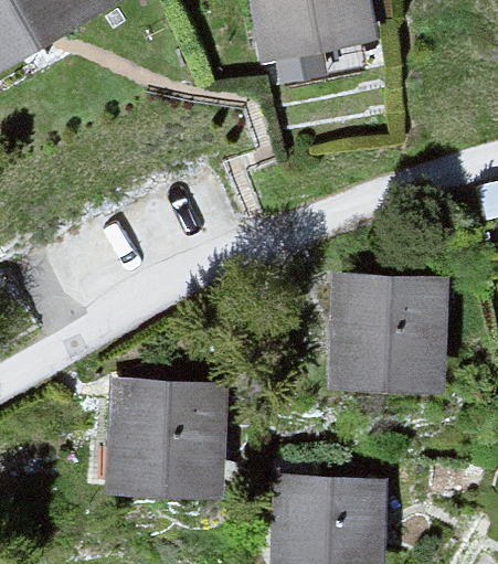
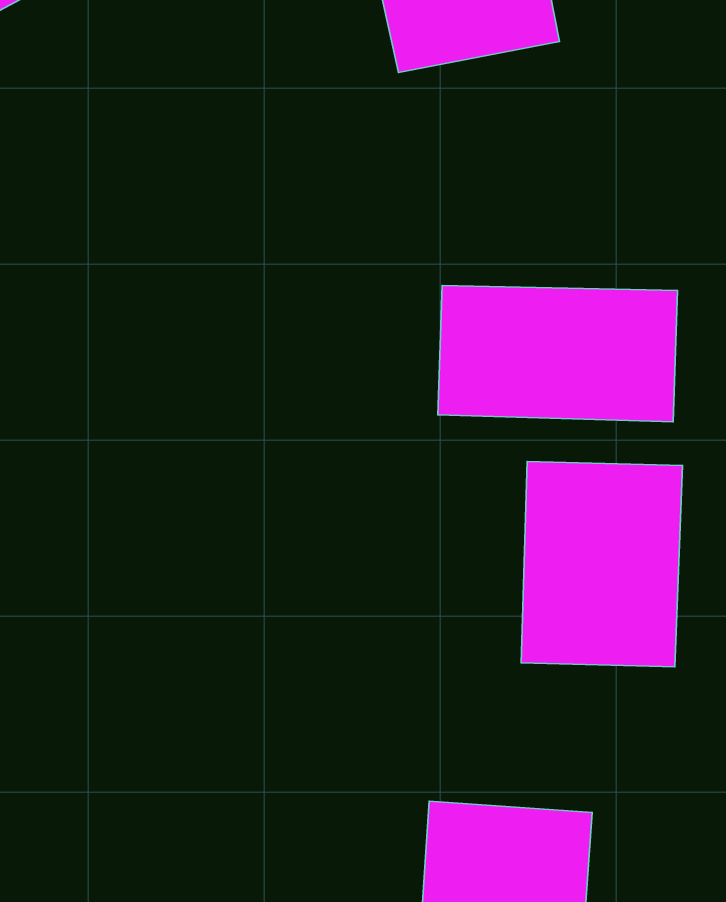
building: none -> [438,285,678,422]
building: [114,389,219,498] -> none

